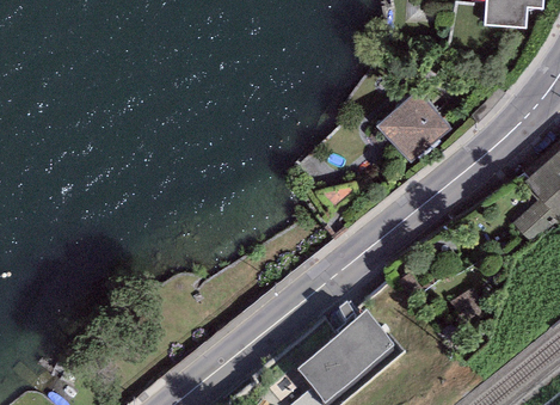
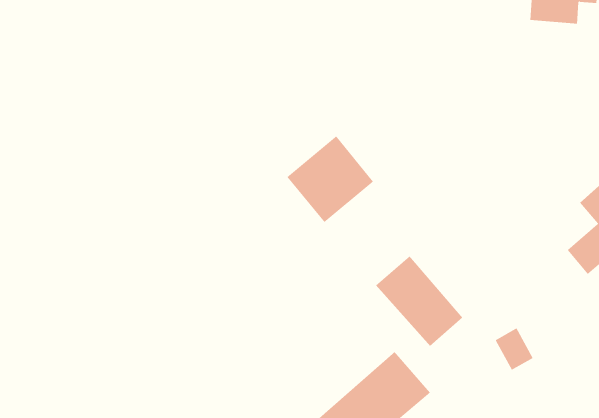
building: [377,88,453,164] -> [287,136,374,223]
building: none -> [375,255,463,347]

